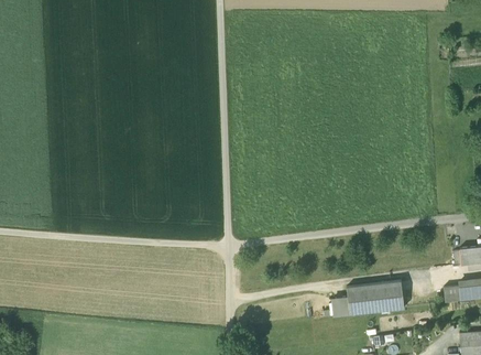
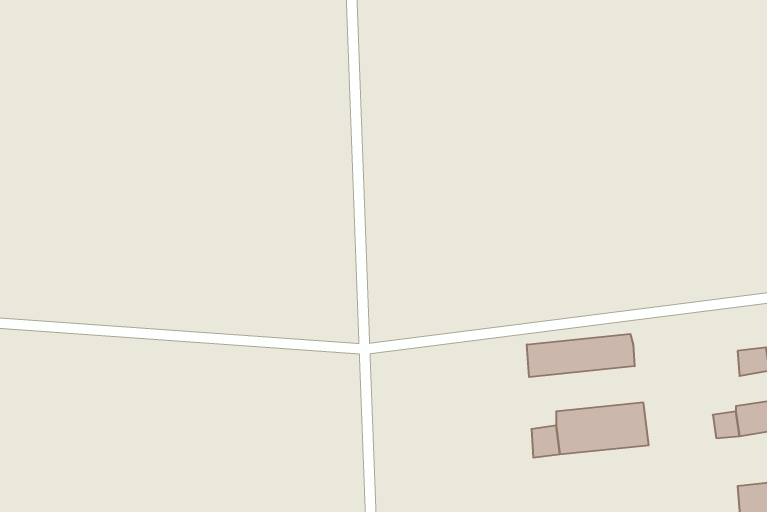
building: none -> [527,334,635,377]

